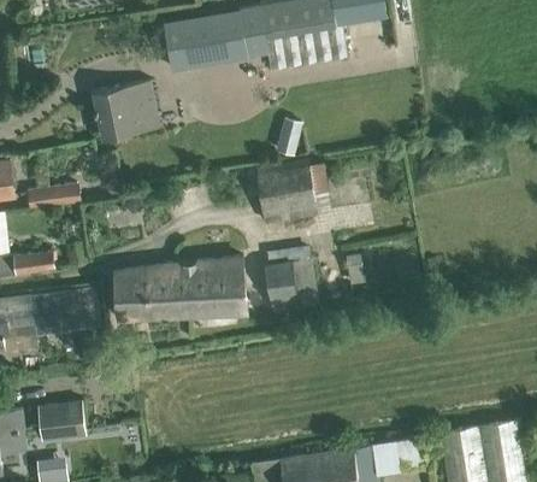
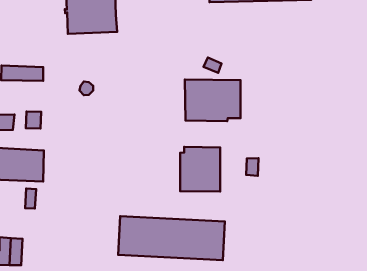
building: [113,258,248,319] -> [118,216,225,260]

